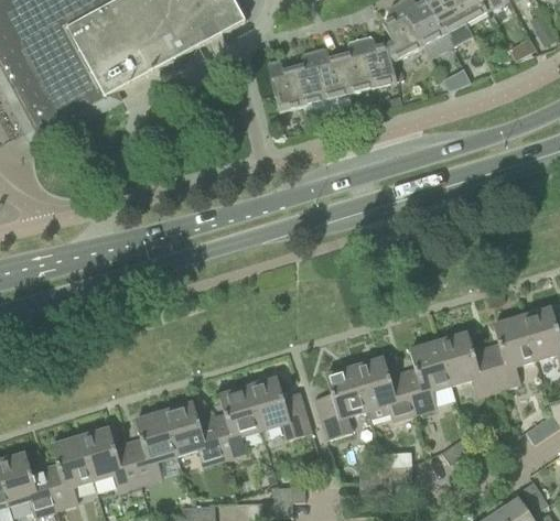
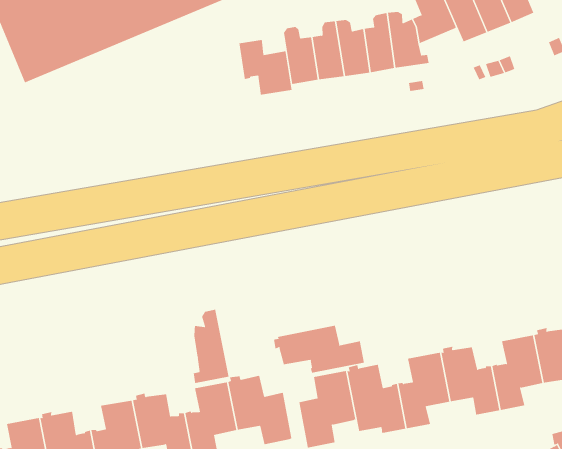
building: none -> [239,39,292,95]
building: none -> [193,309,229,384]
building: none -> [273,325,365,373]

